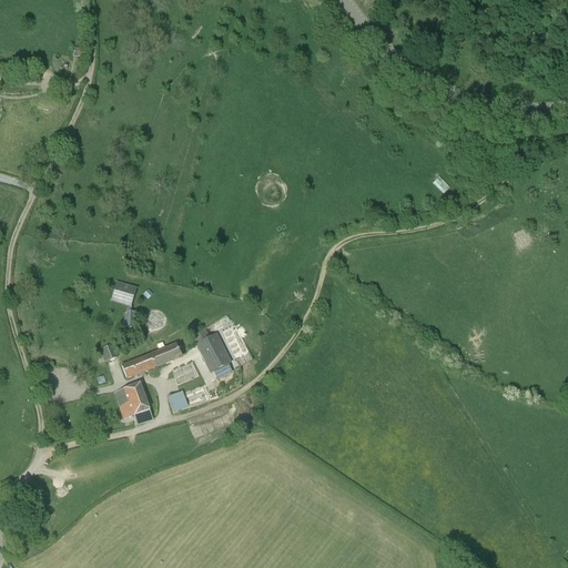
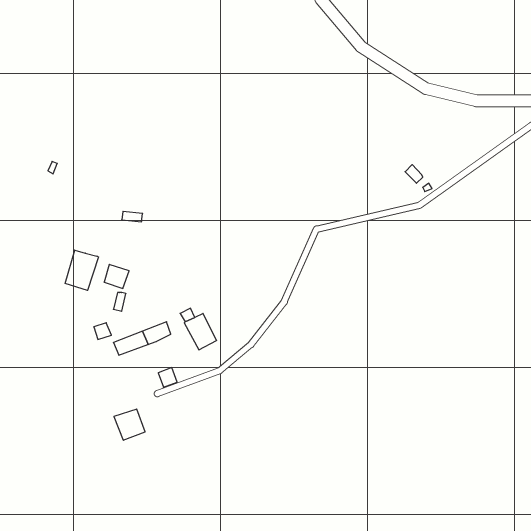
building: none -> [65,250,98,290]
building: [115,385,149,418] -> [114,409,145,440]

